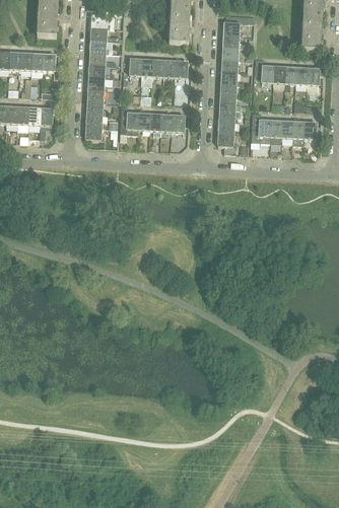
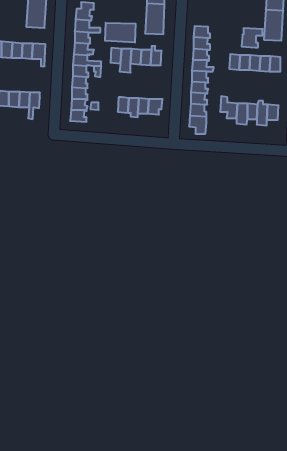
building: [223,13,247,34] -> [242,28,263,47]
building: none -> [105,23,136,43]
building: [121,104,139,137] -> none

